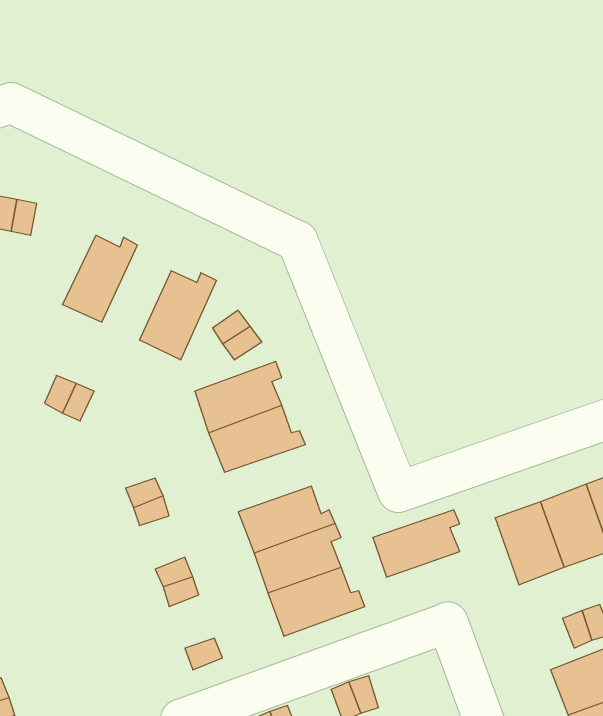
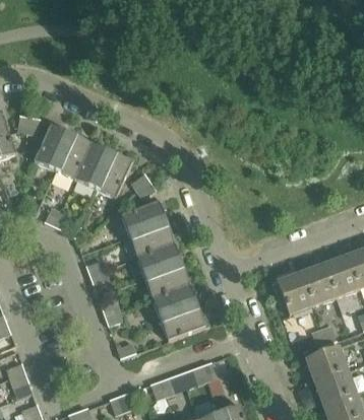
building: none -> [33,120,70,169]
building: none -> [73,139,109,188]
building: [373,510,460,577] -> [136,241,181,276]

